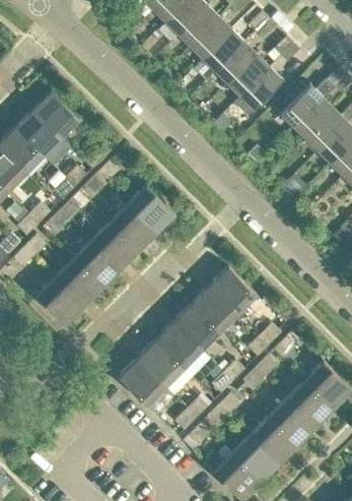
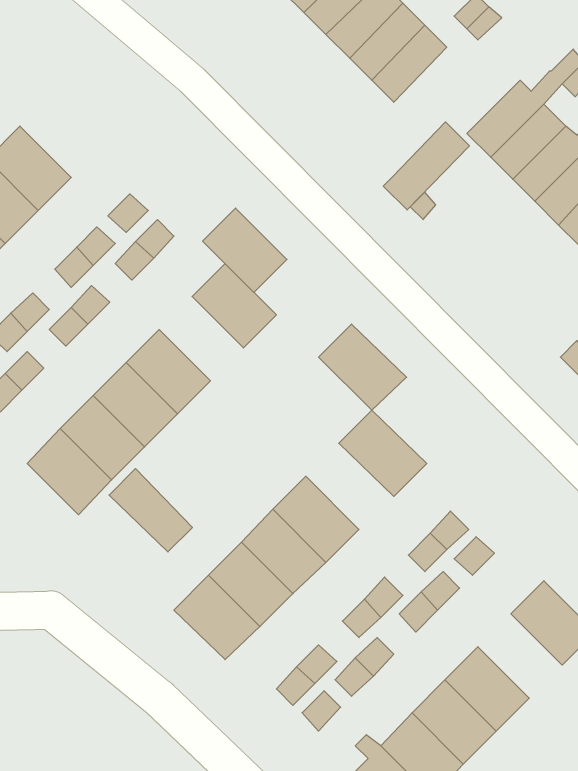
building: [234,65,282,114] -> [383,122,469,210]
building: [32,90,79,137] -> none
building: [110,203,156,250] -> [203,208,287,292]
building: [191,285,239,332] -> [319,324,407,410]
building: none -> [109,469,192,552]
building: [286,379,333,426] -> none

